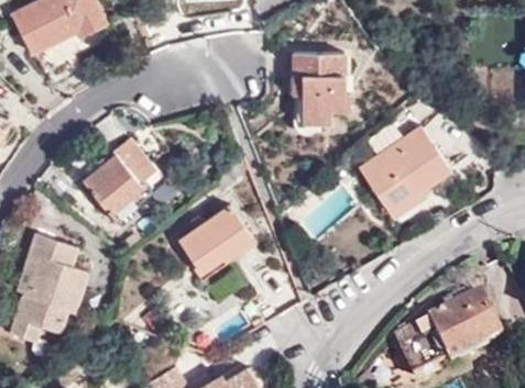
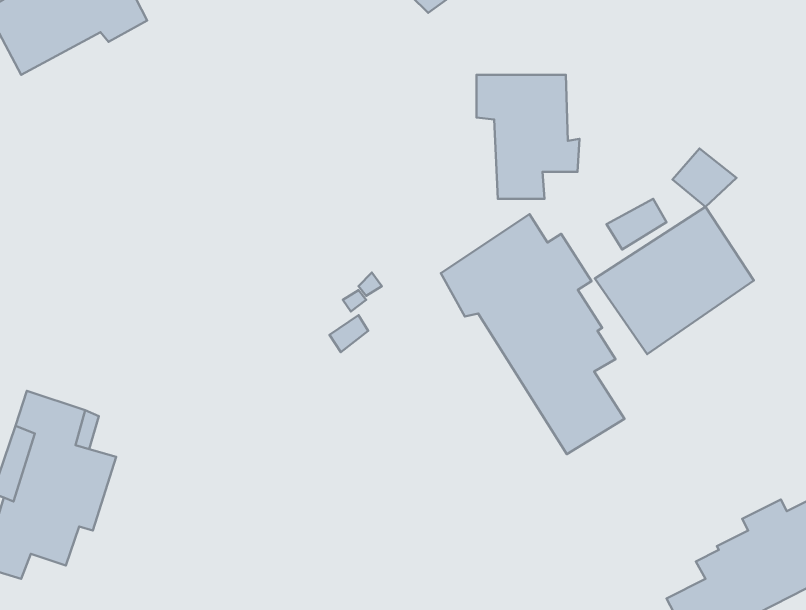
building: [83,125,164,215] -> none
building: none -> [441,214,624,454]
building: [179,206,252,270] -> none

